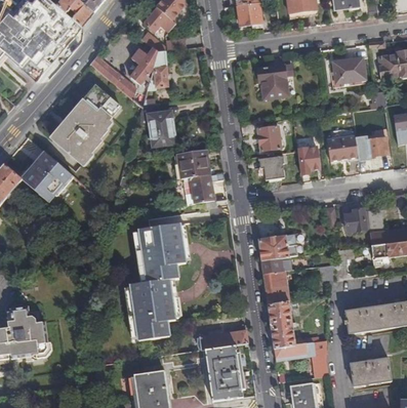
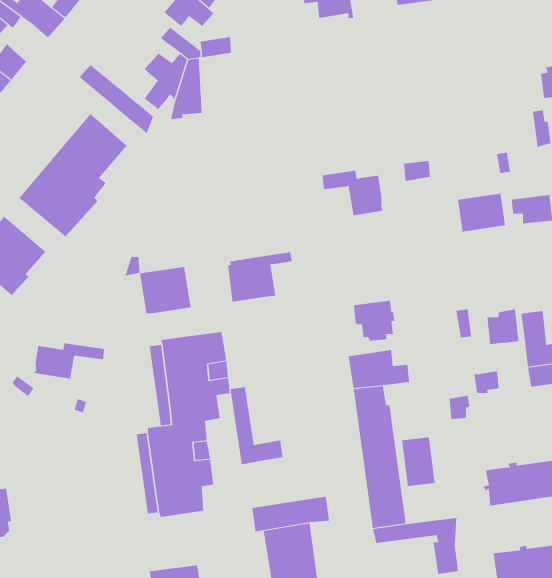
building: [333,56,366,86] -> none
building: [257,62,292,97] -> none
building: [149,112,173,144] -> none
building: [297,147,320,172] -> none
building: [176,149,209,178] -> [139,267,191,314]
building: [259,155,286,180] -> [353,300,395,341]
building: none -> [34,343,105,379]
building: none -> [230,386,283,465]
building: none -> [402,436,435,487]

